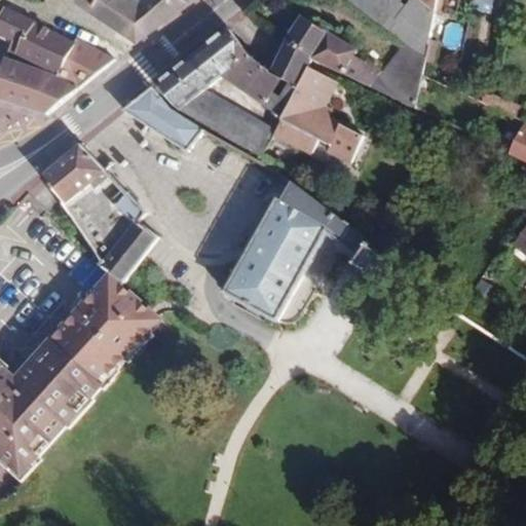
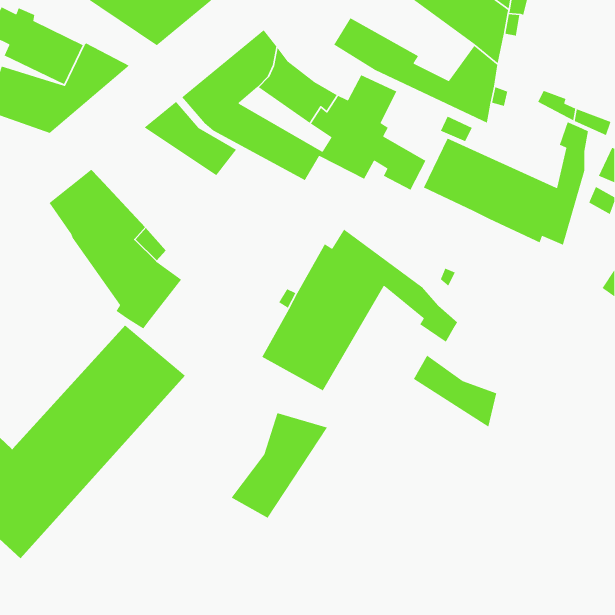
building: [266,46,305,84] -> none
building: none -> [423,121,589,246]
building: none -> [413,355,497,428]
building: none -> [231,412,328,519]

